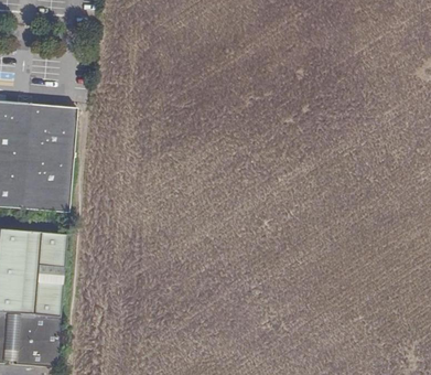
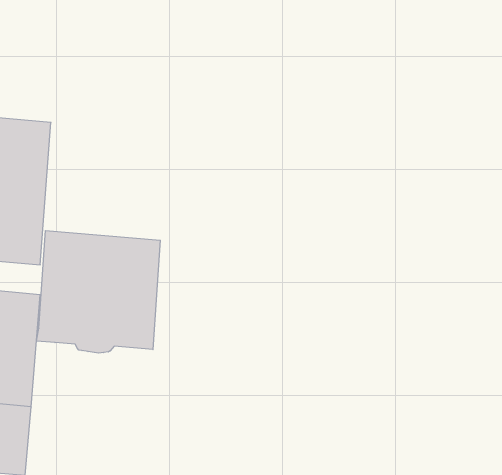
building: none -> [37,231,160,353]

